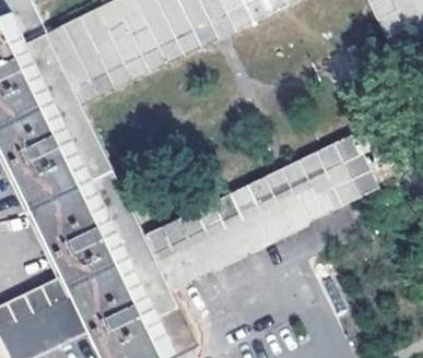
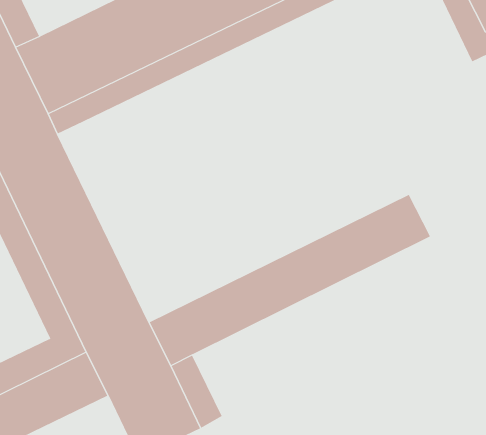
building: [58,104,376,264] -> none

